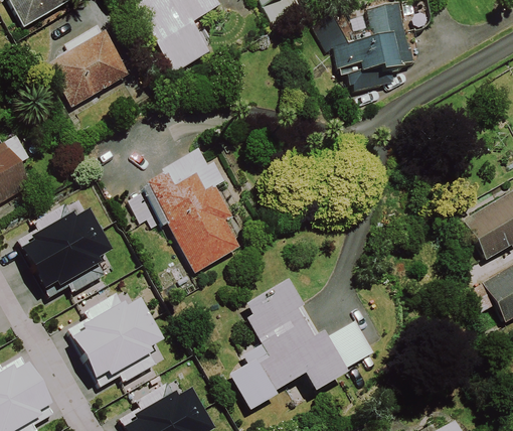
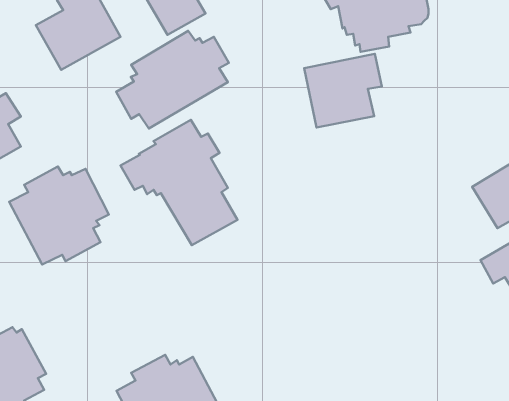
building: none -> [116,31,229,129]
building: none -> [304,54,382,128]
building: [233,272,375,406] -> none
building: [70,291,166,384] -> none

